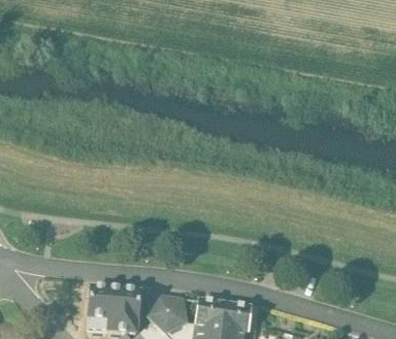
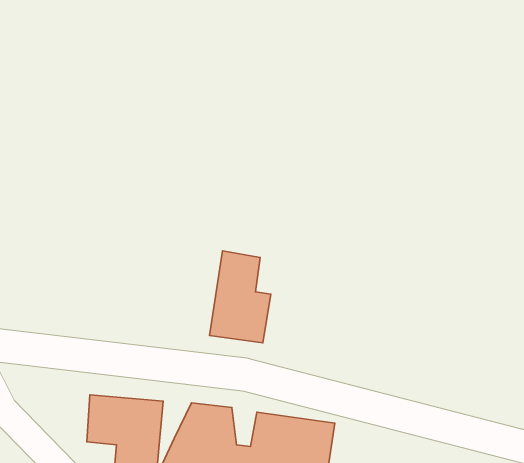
building: none -> [210,251,271,343]

